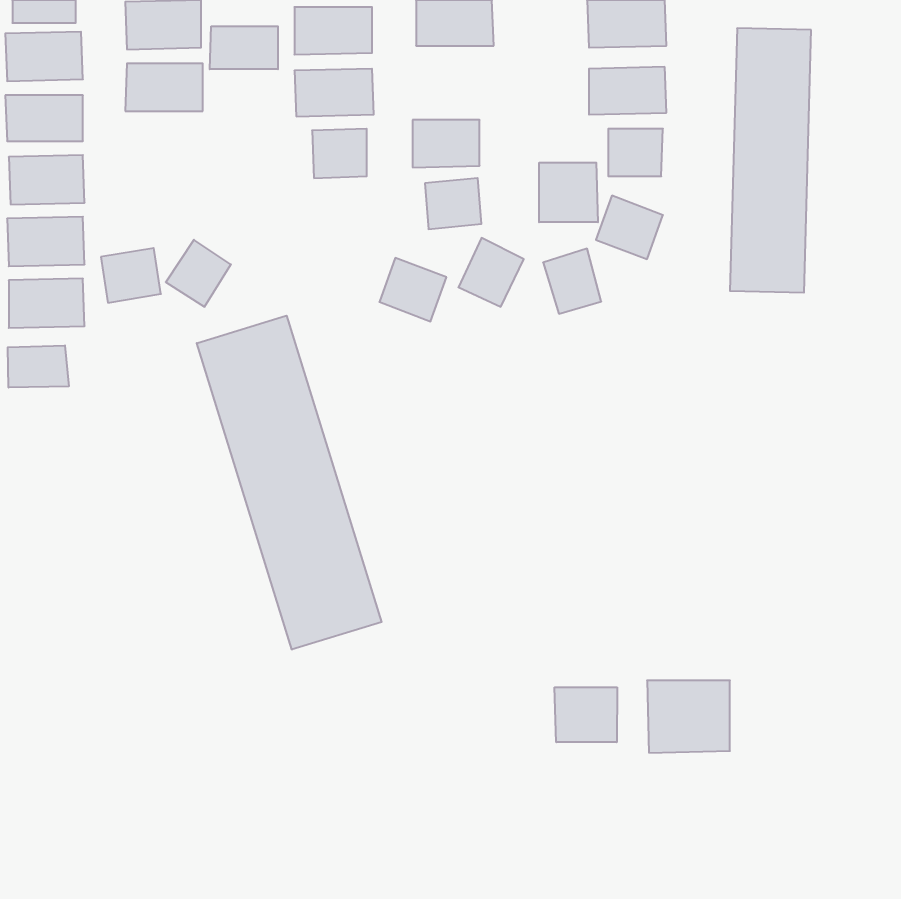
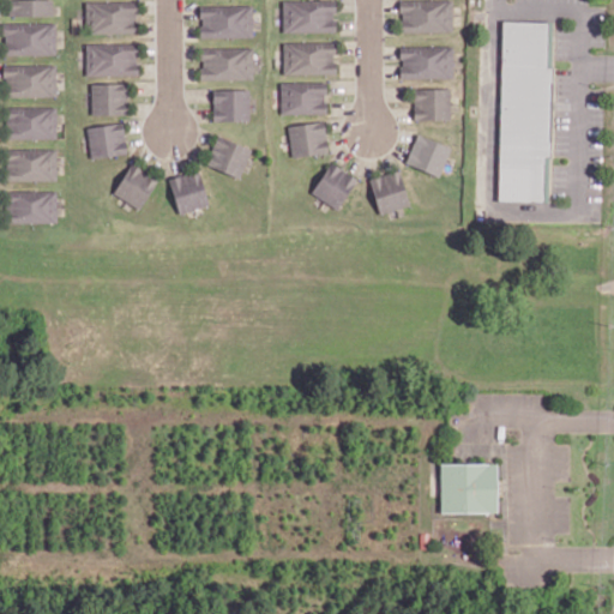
building: [210,26,278,69] -> none
building: none -> [283,42,336,76]
building: none -> [91,84,128,116]
building: [539,163,598,222] -> none
building: [101,248,161,303] -> [86,122,127,159]
building: none -> [169,170,210,215]
building: [379,258,446,321] -> [206,136,252,179]
building: [197,316,382,650] -> none
building: [8,345,69,388] -> none
building: [555,687,617,742] -> none

